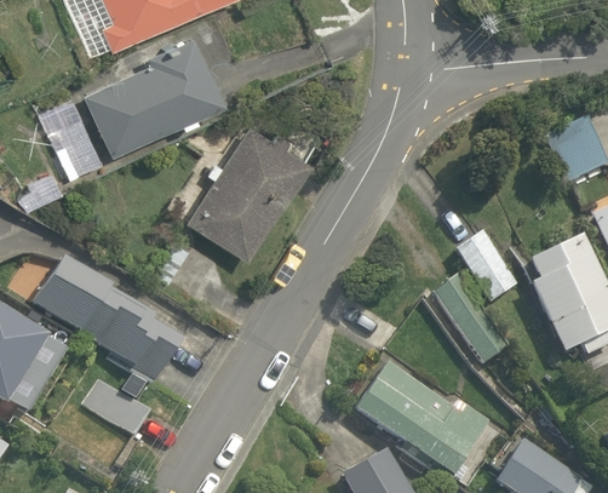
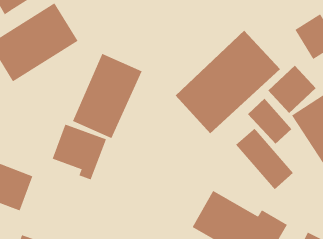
building: none -> [175,30,281,134]
building: none -> [268,65,317,114]
building: [98,299,184,389] -> [52,124,107,180]

